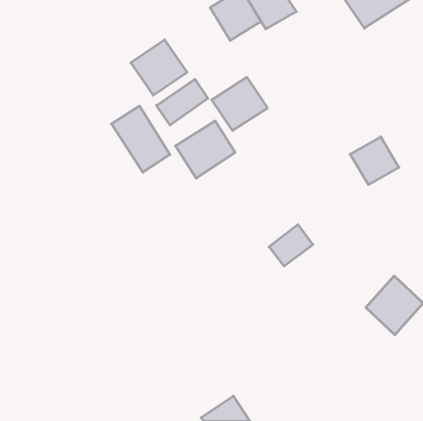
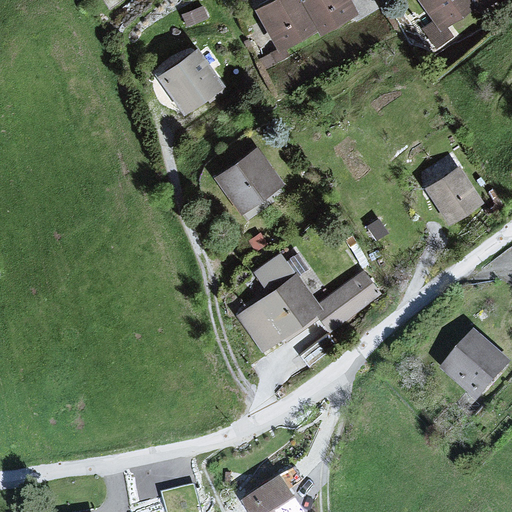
building: [212,77,267,131] -> none
building: [156,79,208,125] -> none
building: [111,106,170,172] -> none
building: none -> [234,251,323,353]

